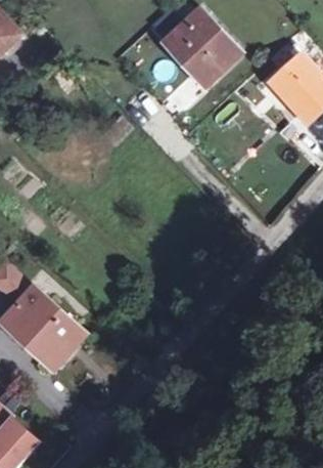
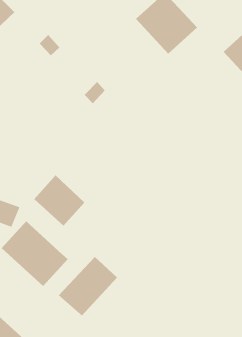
building: none -> [34,175,85,226]
building: none -> [58,256,118,317]

